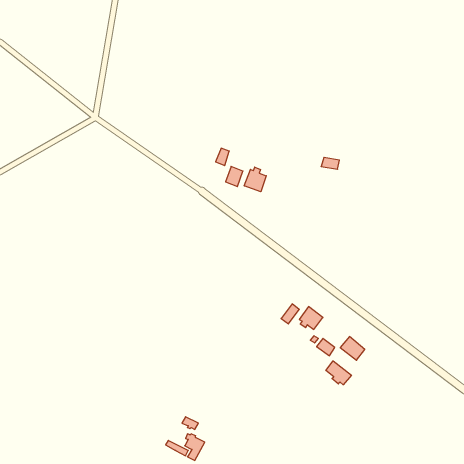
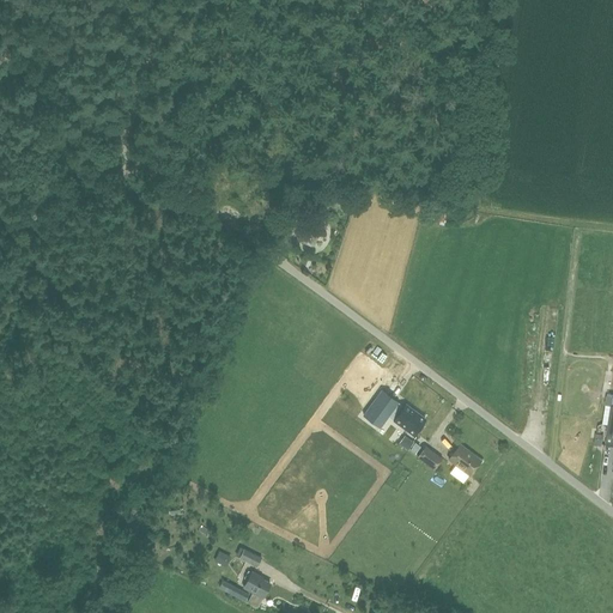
building: [244,167,266,192] -> none
building: [326,361,351,385] -> none

